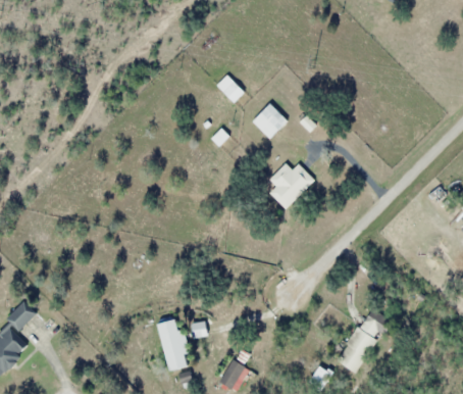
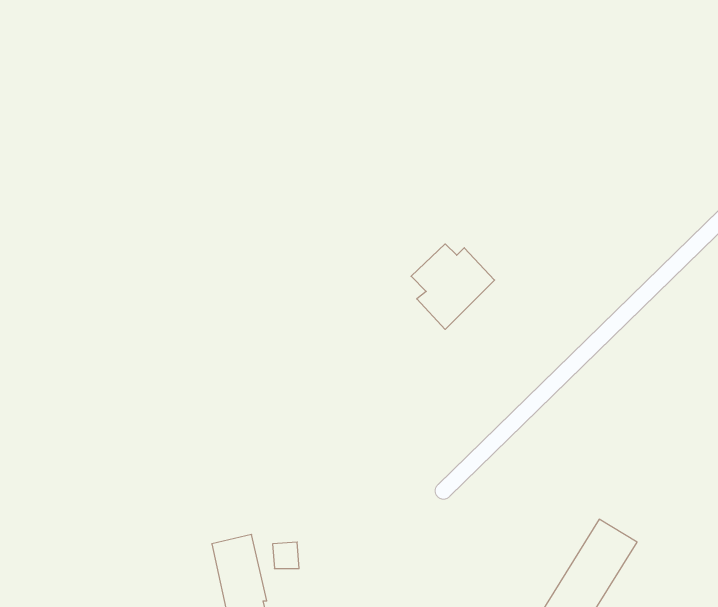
building: [216,75,245,102] -> none
building: [251,103,288,140] -> none

